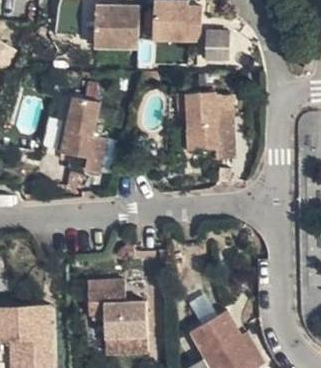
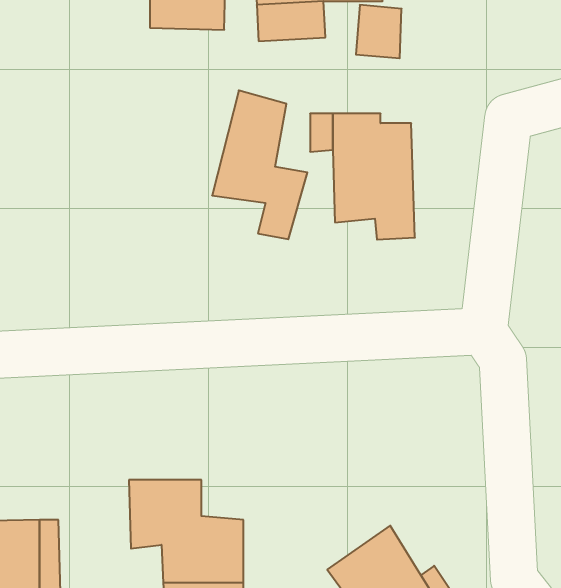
building: [62,95,112,173] -> [212,90,307,239]

